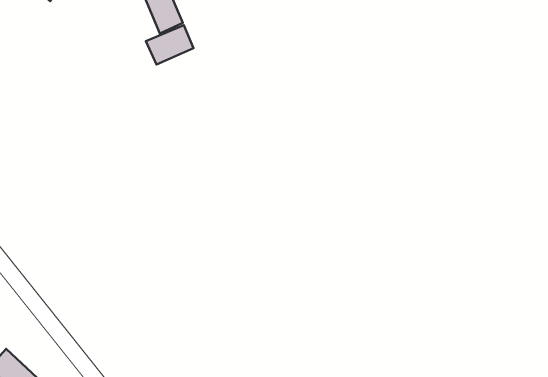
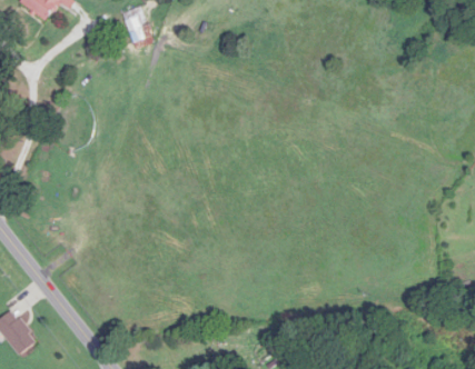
building: [146,25,193,65] -> none

